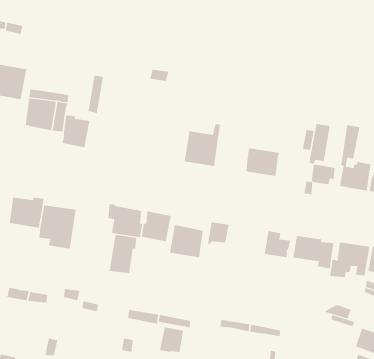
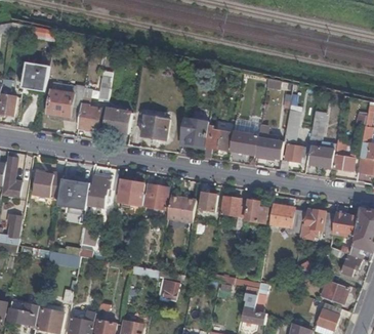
building: none -> [101,108,131,133]
building: none -> [139,115,168,139]
building: none -> [202,124,232,158]
building: none -> [256,126,277,158]
building: none -> [220,196,244,238]
building: [109,234,137,274] -> [87,175,111,208]

